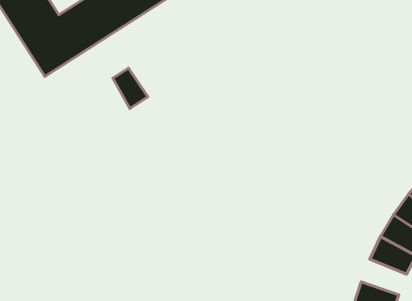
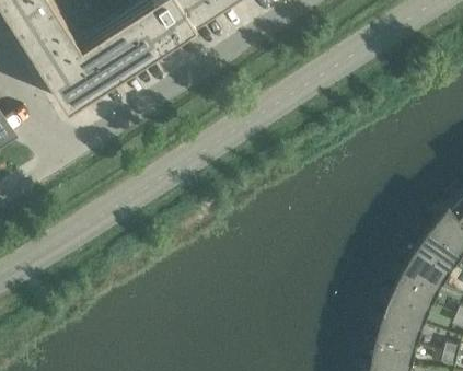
building: [113,68,148,108] -> none
building: none -> [385,291,431,327]

